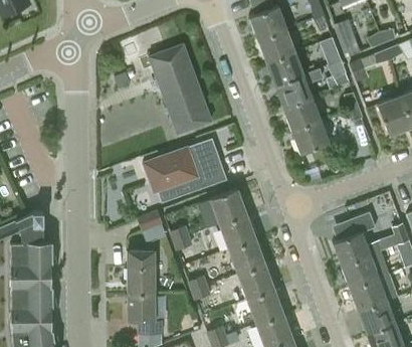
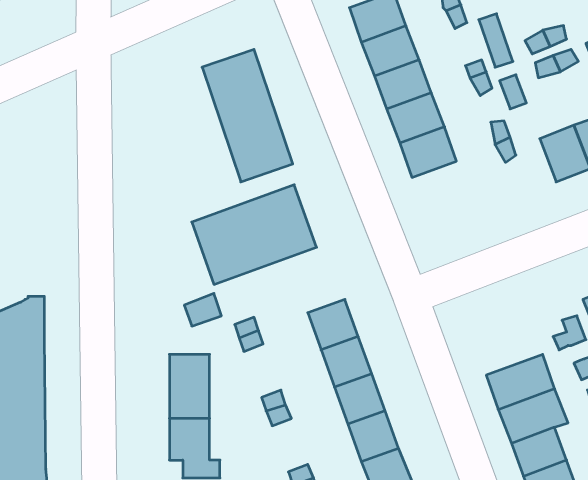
building: [291,121,331,155] -> none
building: [211,189,246,223] -> none
building: [334,212,380,266] -> none

